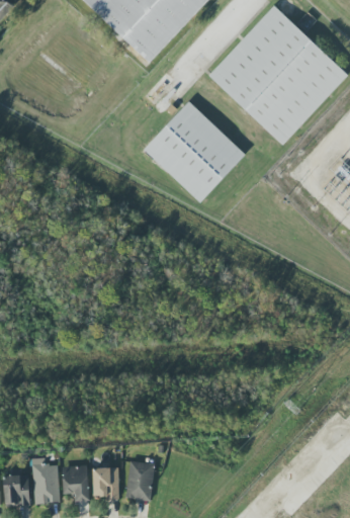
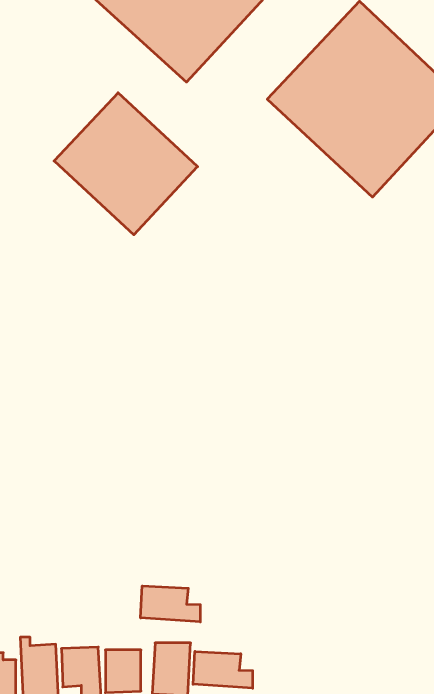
building: [143,101,245,202] -> [54,93,198,235]
building: none -> [141,586,200,622]
building: none -> [193,651,253,688]

